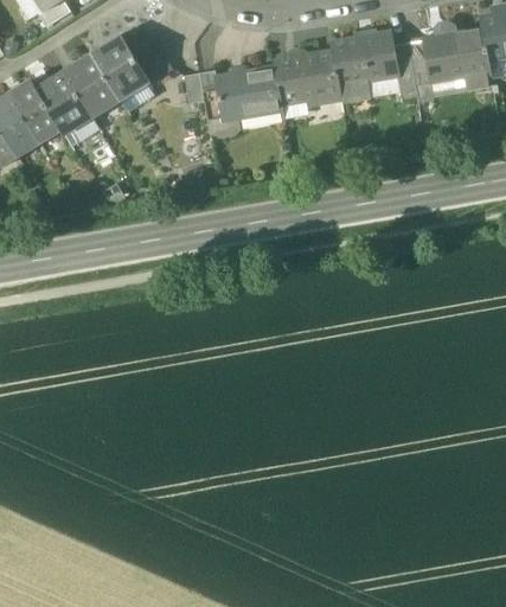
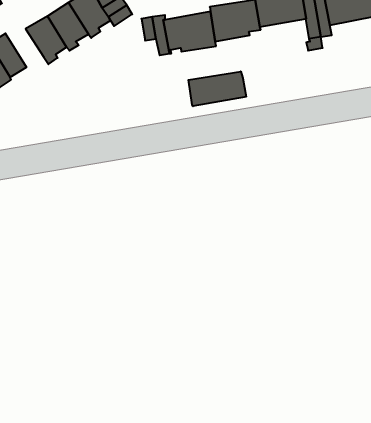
building: [8,82,58,139] -> none
building: none -> [188,71,246,106]

